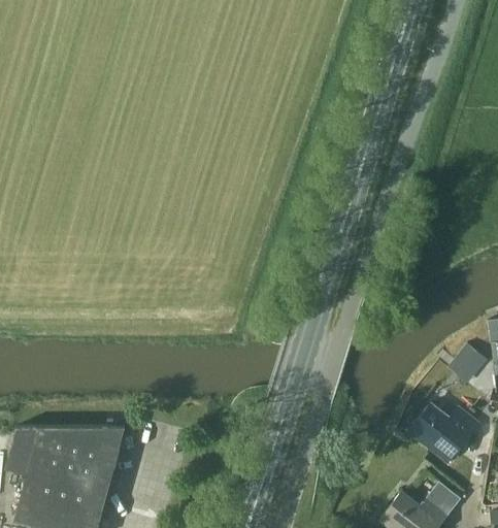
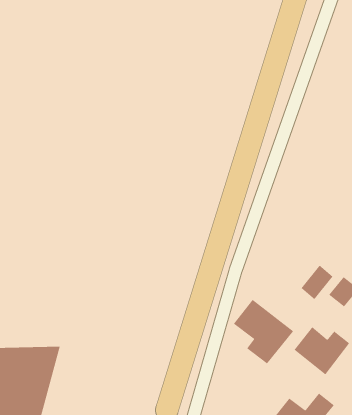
building: none -> [300,265,334,300]
building: none -> [233,299,294,365]

